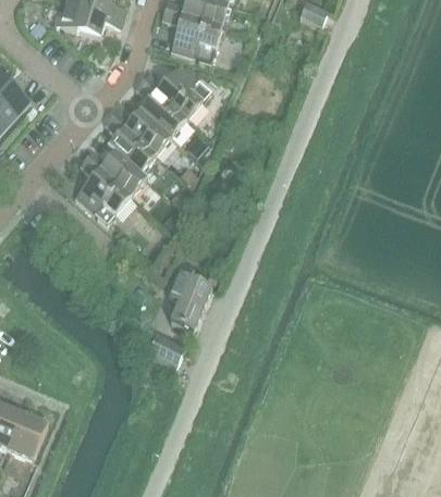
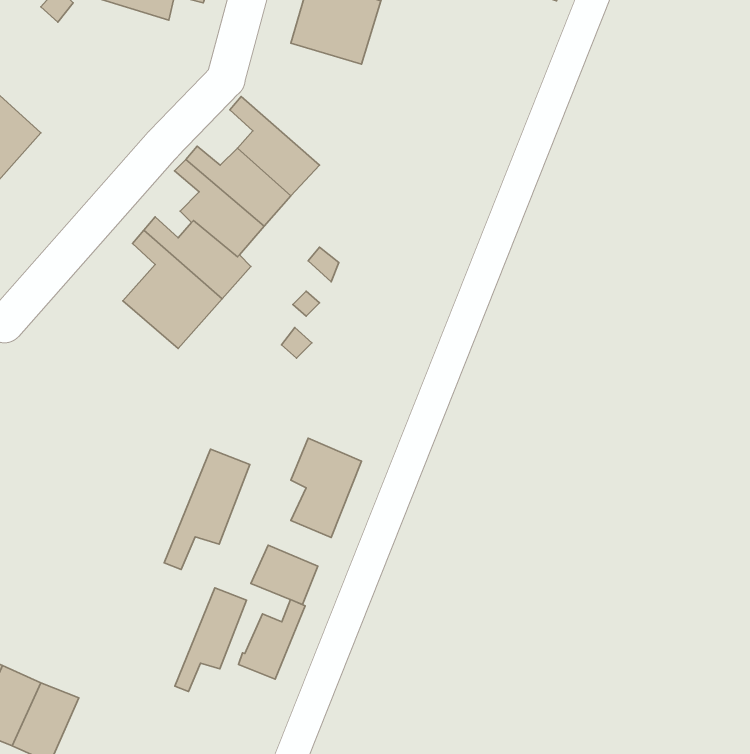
building: [142,64,210,120] -> none
building: none -> [164,449,250,570]
building: none -> [175,588,246,691]
building: none -> [239,600,305,679]

